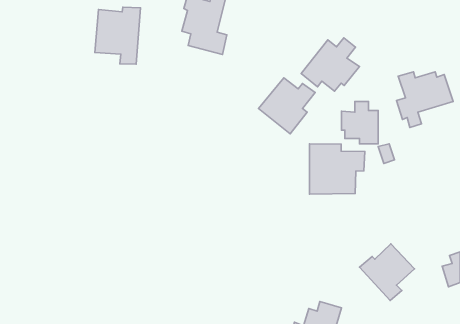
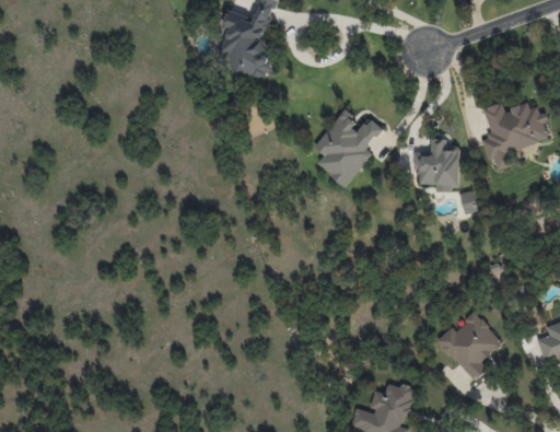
building: [95,7,141,64] -> none
building: [301,38,359,91] -> none
building: [309,144,365,194] -> none

